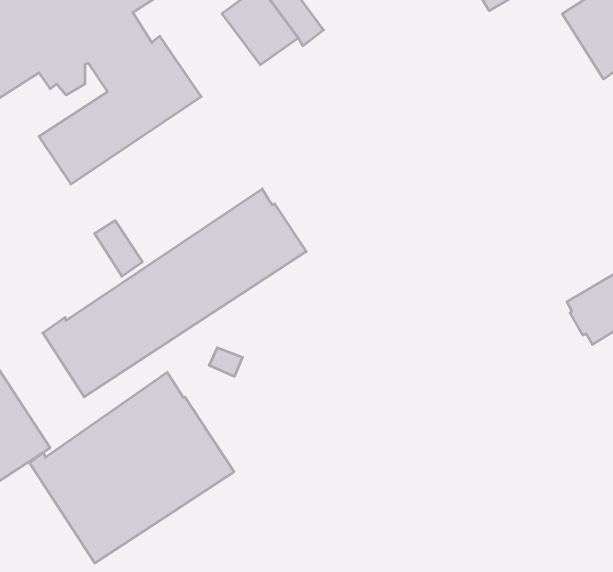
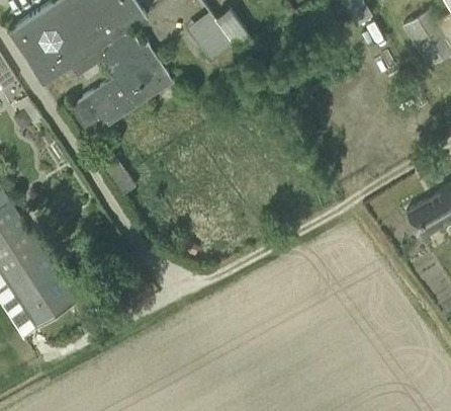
building: [43,189,306,397] -> none
building: [30,372,234,563] -> none

